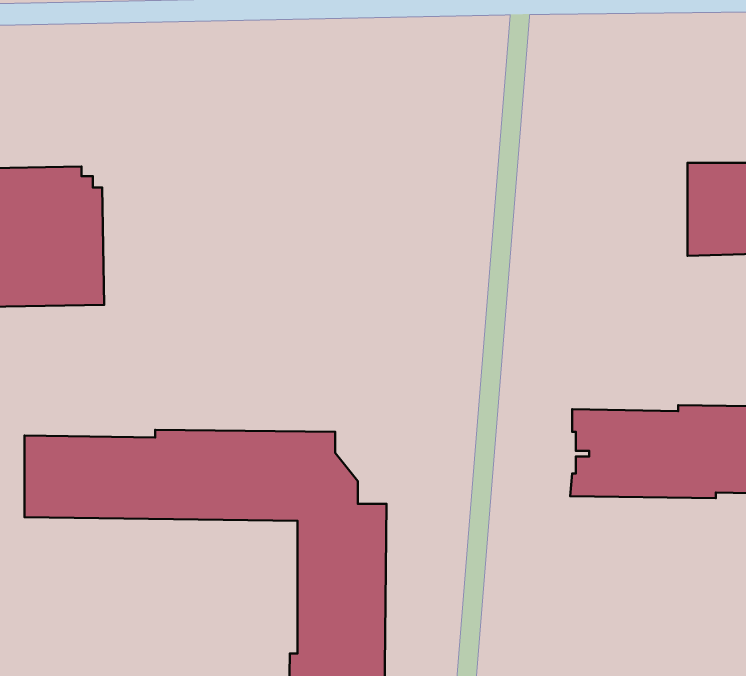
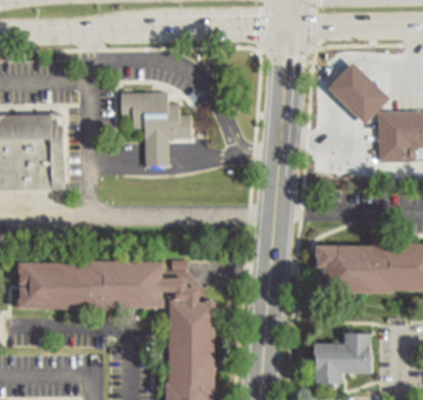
building: none -> [327,63,390,126]
building: none -> [120,93,192,167]
building: none -> [315,334,372,385]

